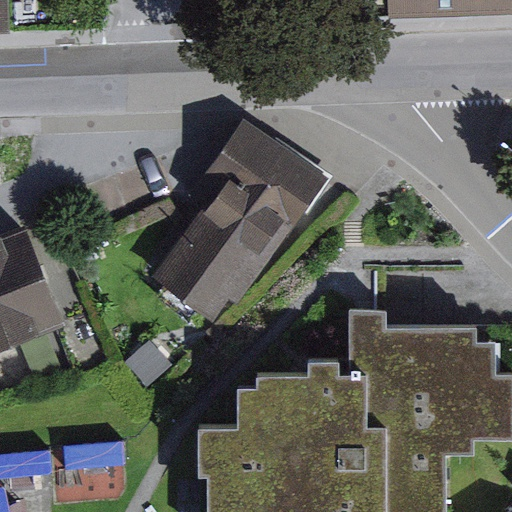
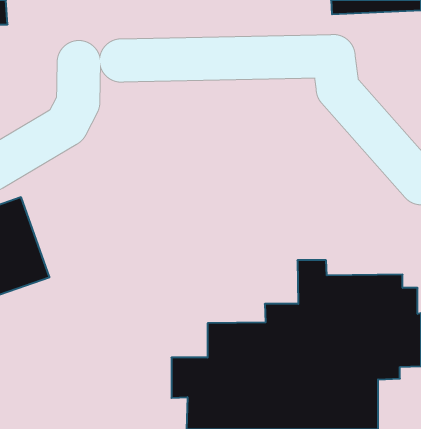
building: [145,124,320,328] -> none

